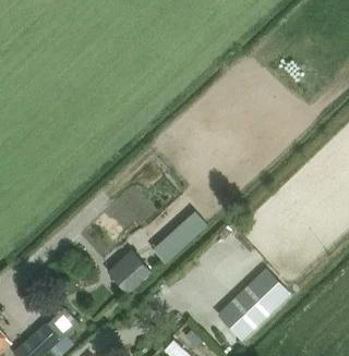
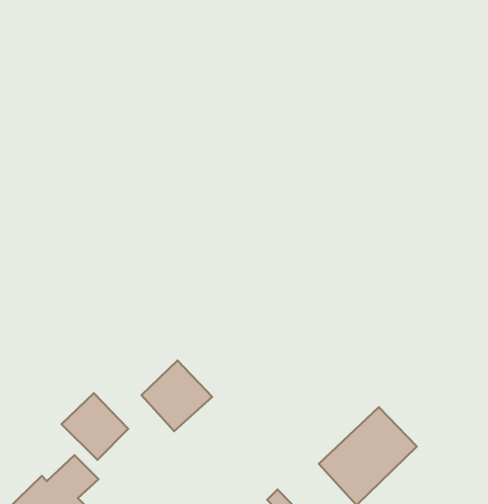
building: [153,210,206,260] -> none
building: none -> [62,393,128,460]

